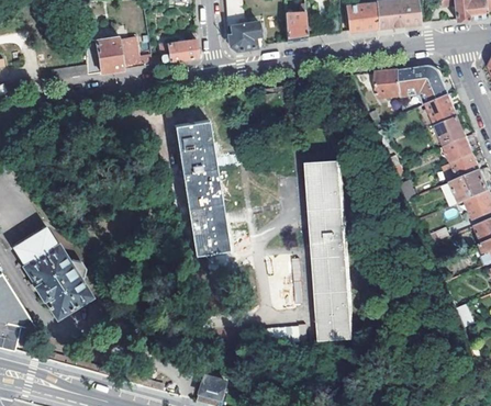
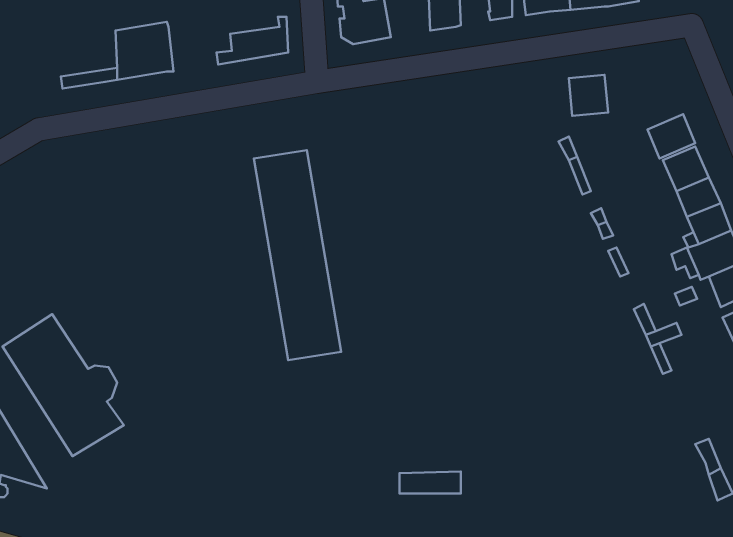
building: [119,36,150,68] -> none
building: [399,66,448,104] -> none
building: [309,160,355,340] -> none

